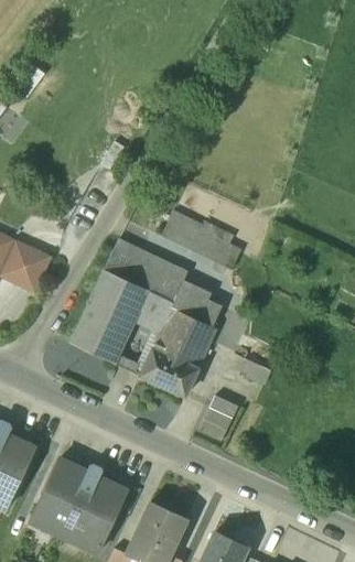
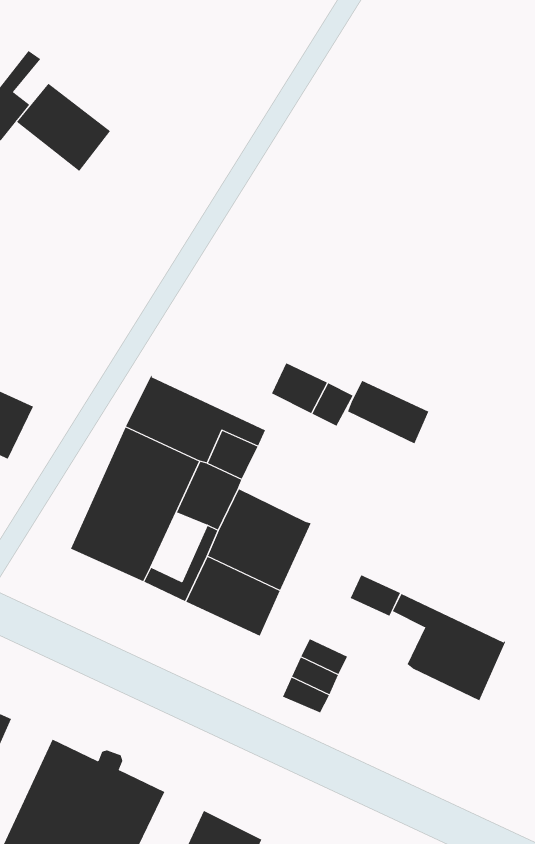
building: none -> [16,83,111,172]
building: [162,212,203,249] -> none
building: [172,288,222,326] -> [347,380,429,444]
building: none -> [392,593,506,701]

